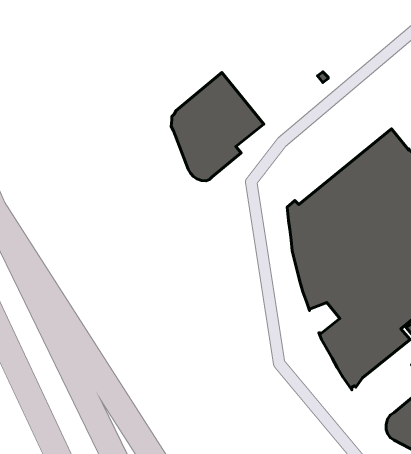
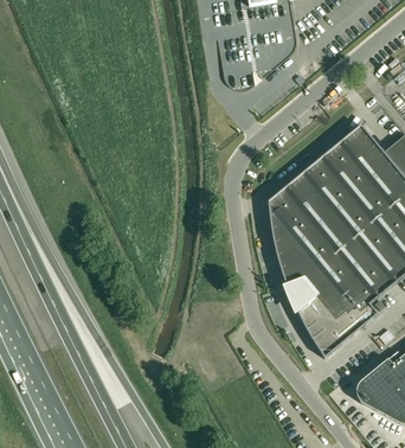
building: [171,73,264,181] -> none

